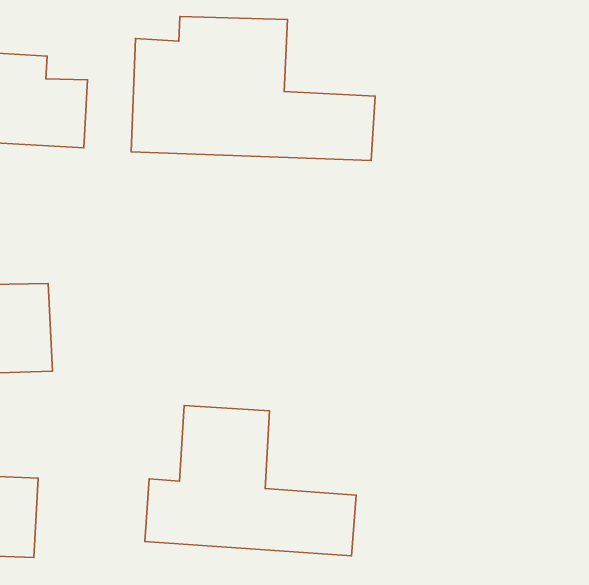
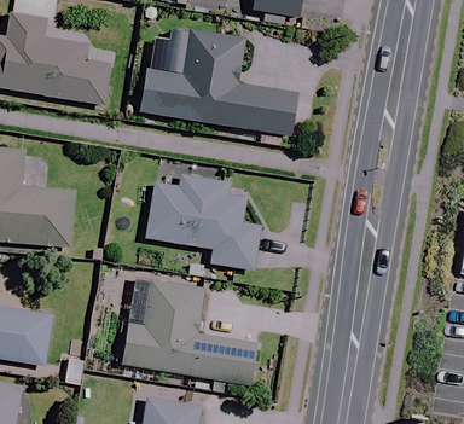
building: none -> [146,173,260,269]

